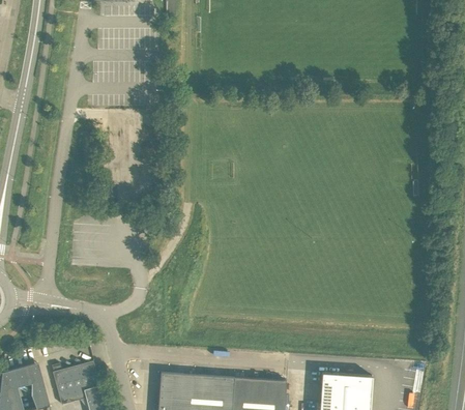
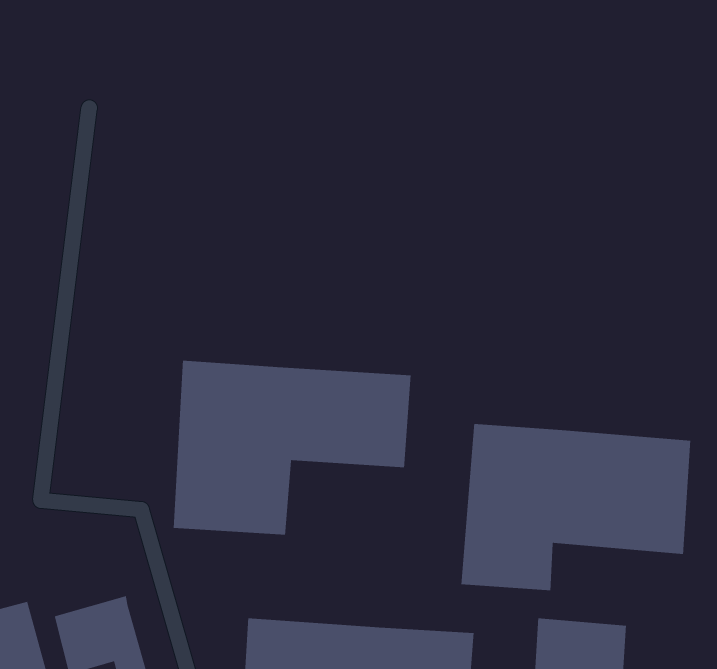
building: none -> [173,360,411,536]
building: none -> [461,423,691,591]

